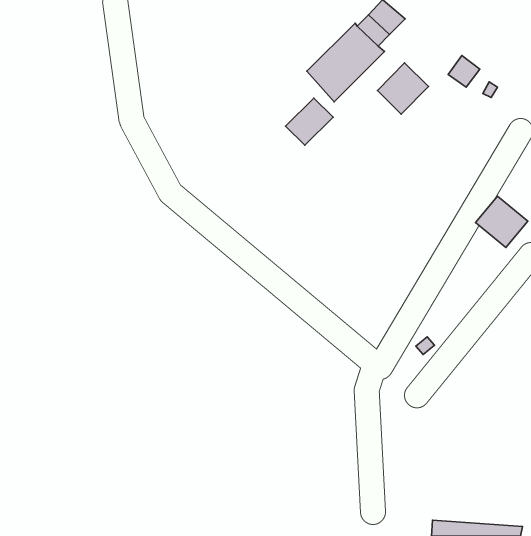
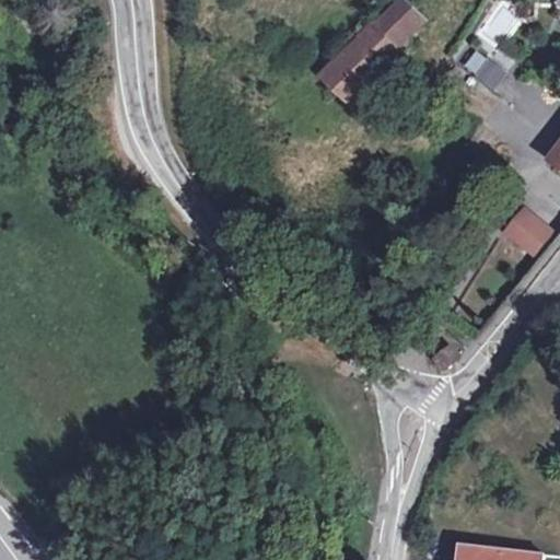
building: [377,63,428,114] -> none
building: [286,98,333,145] -> none

